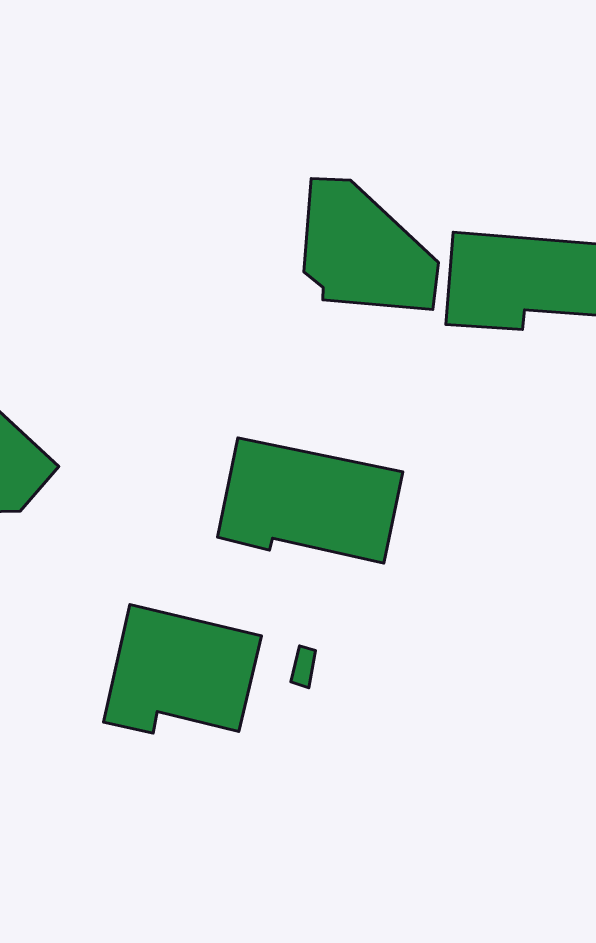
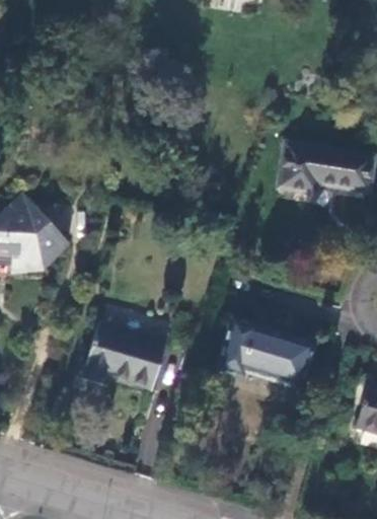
building: [304,179,439,309] -> none
building: [218,438,403,563] -> [217,318,316,390]

